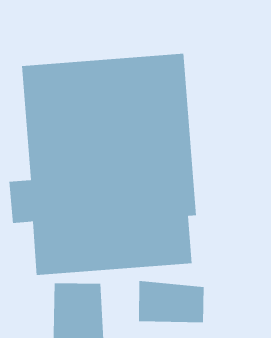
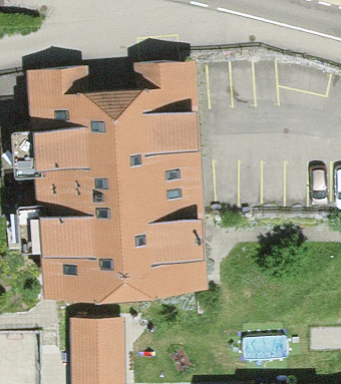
building: [138,280,204,323] -> none

